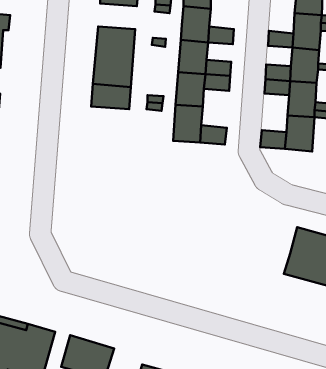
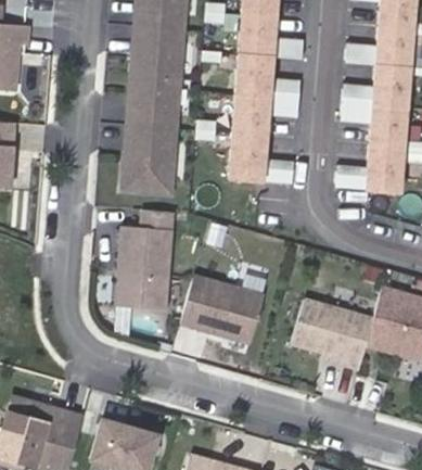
building: none -> [137,11,184,42]
building: none -> [125,138,175,192]
building: none -> [115,209,178,312]
building: none -> [181,276,264,343]
building: none -> [293,300,373,368]

